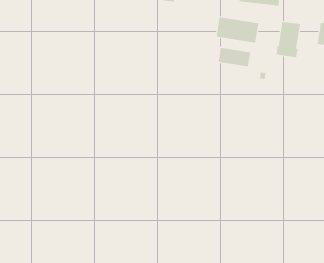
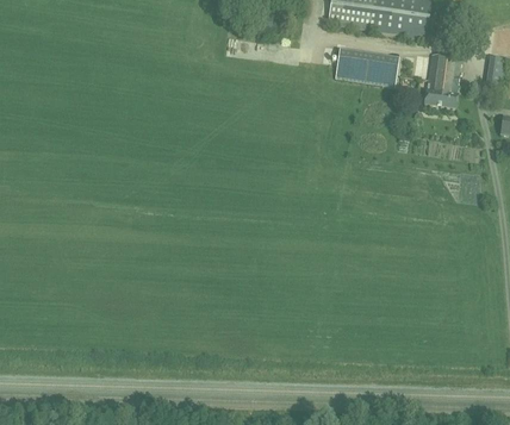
building: [218,47,251,67] -> none

